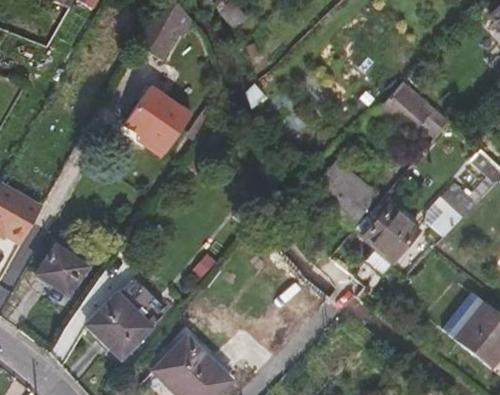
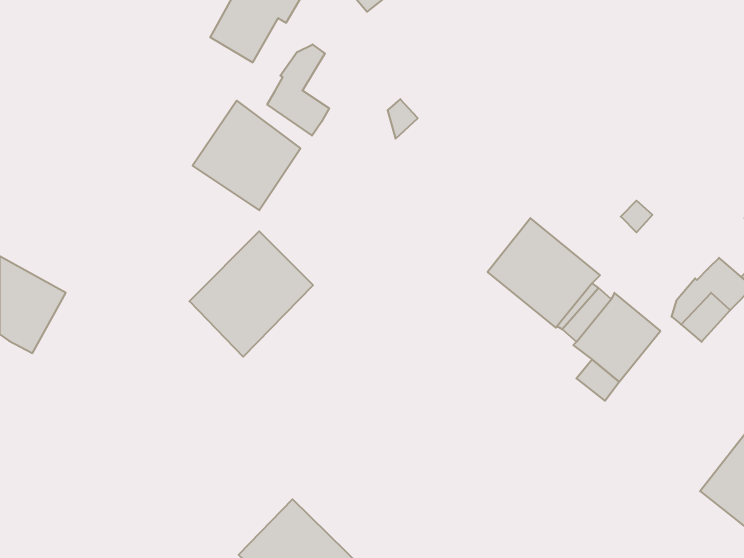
building: none -> [267,44,329,136]
building: [378,82,447,138] -> none
building: [36,246,86,295] -> none
building: [87,280,165,359] -> [189,231,313,357]

